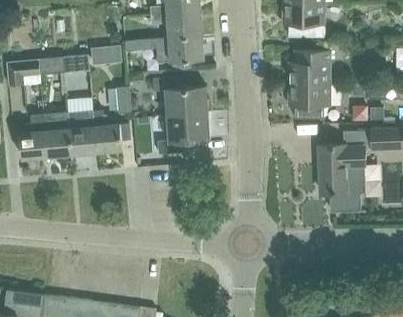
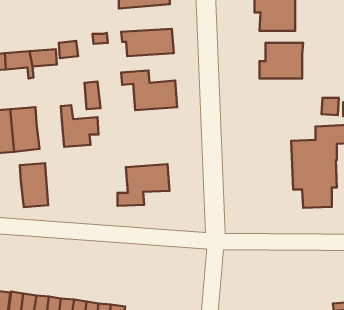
building: [150,11,202,37] -> none
building: [288,84,330,118] -> none
building: [68,110,96,153] -> [20,163,48,207]
building: [158,112,209,153] -> [118,164,169,206]

